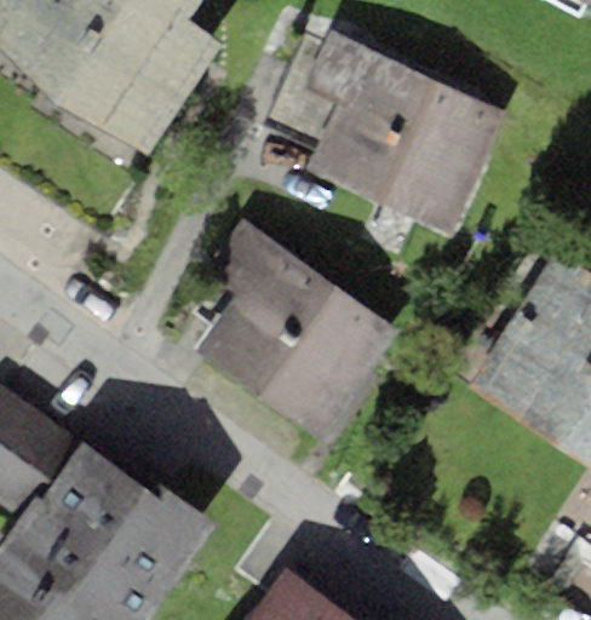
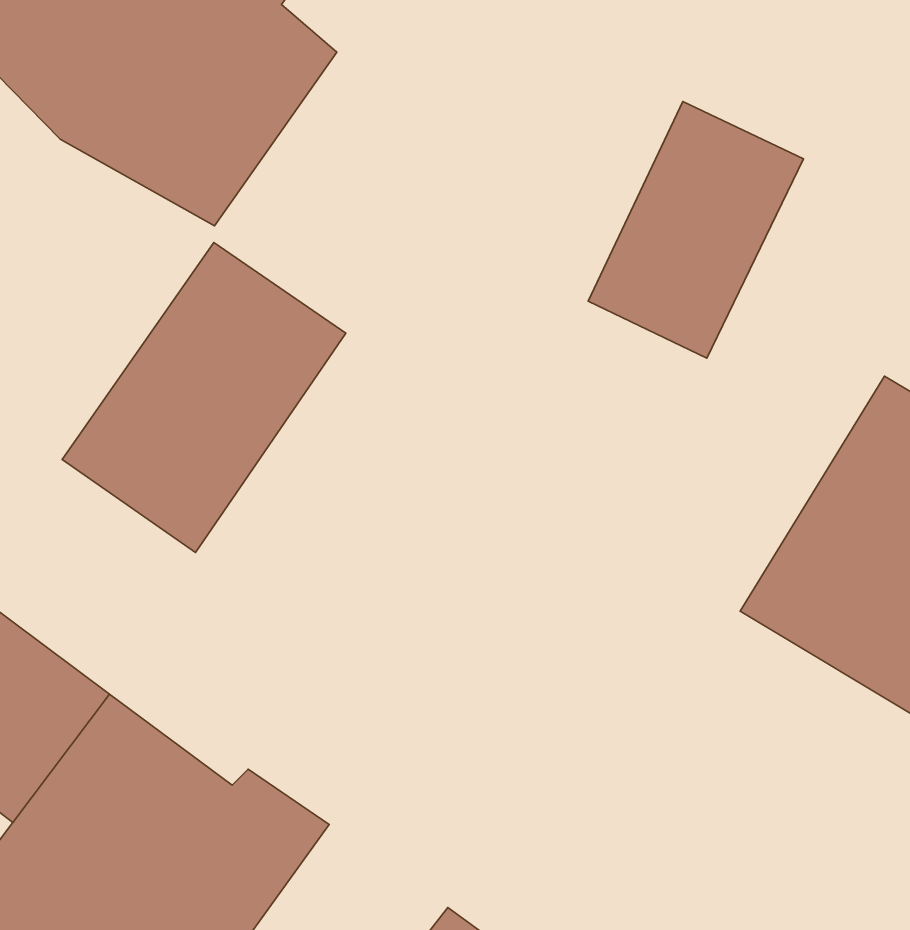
building: [304,30,434,201] -> none
building: none -> [62,242,346,552]
building: [191,242,395,438] -> none

